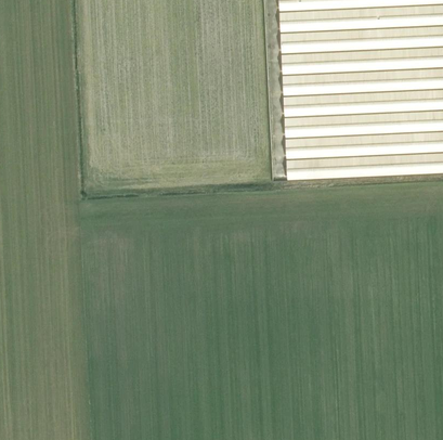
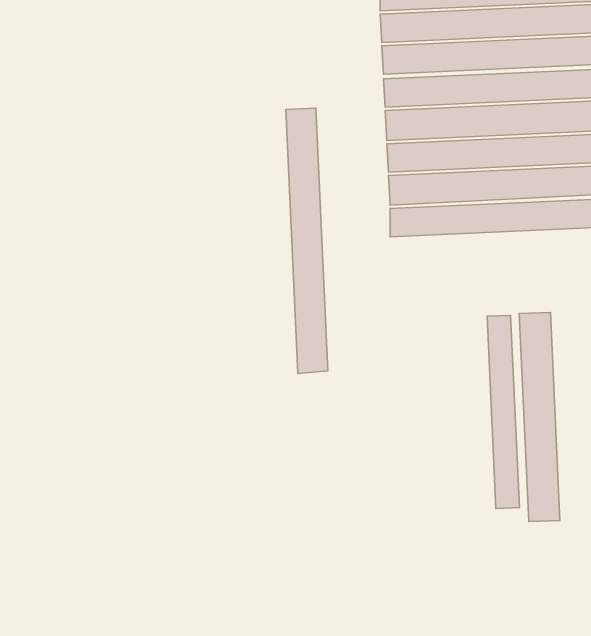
building: none -> [286,108,328,374]
building: none -> [519,312,560,522]
building: none -> [487,315,519,508]

